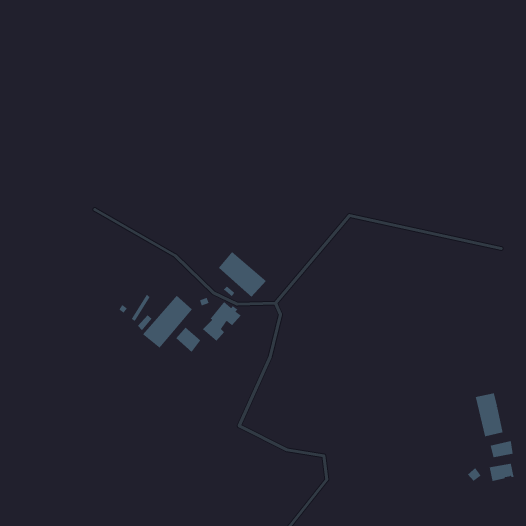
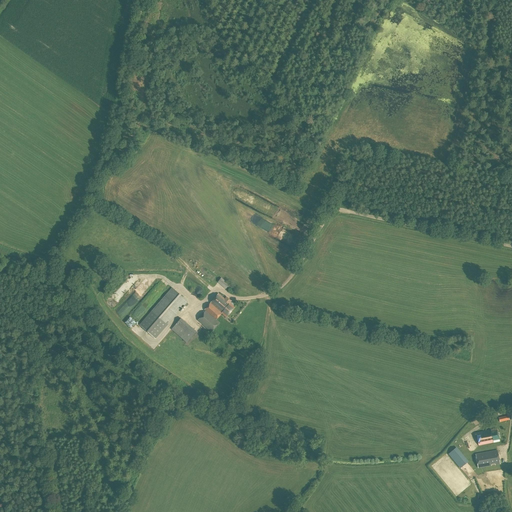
building: [218,251,267,298] -> none
building: [475,392,503,437] -> none

